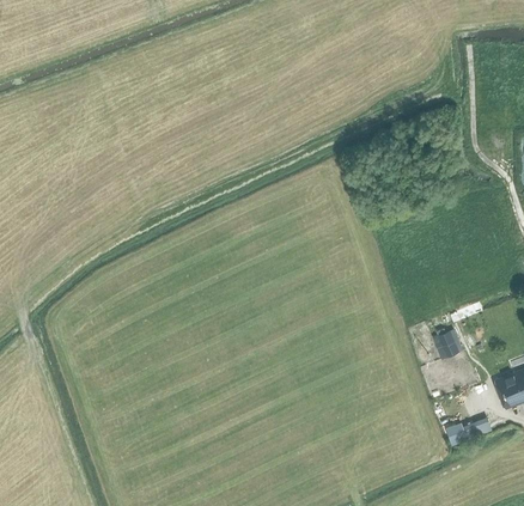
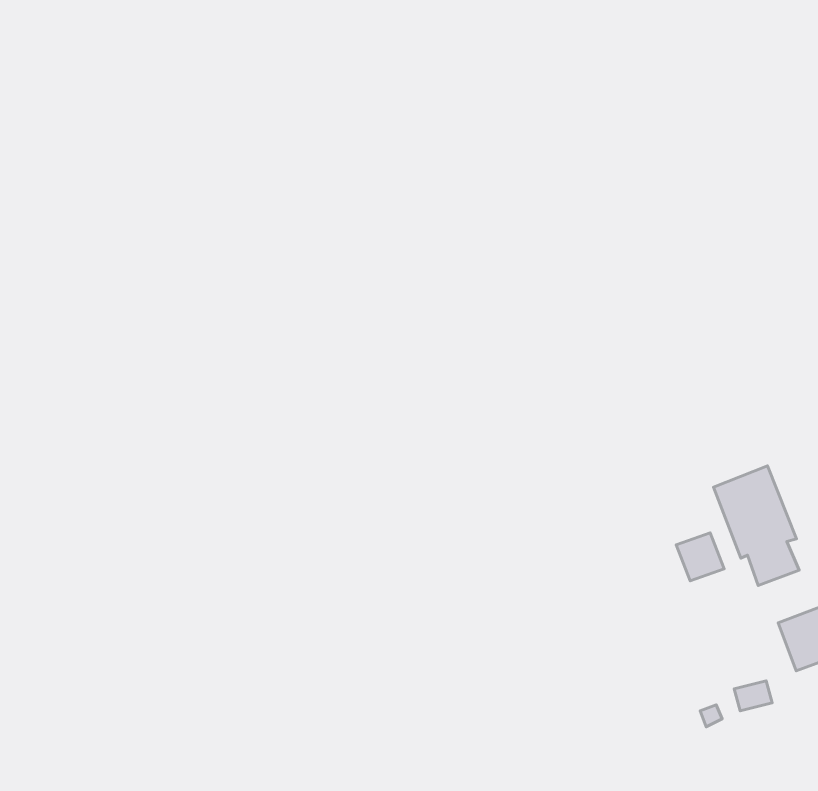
building: none -> [714,466,799,585]

